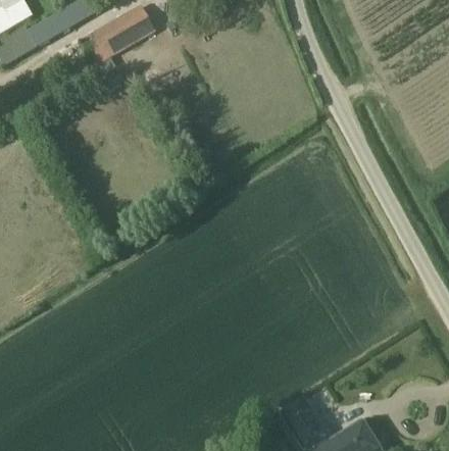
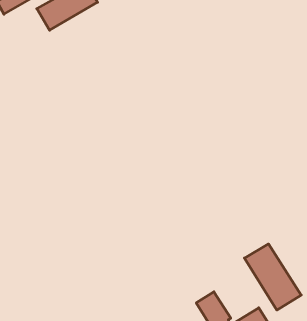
building: none -> [244,244,301,310]

